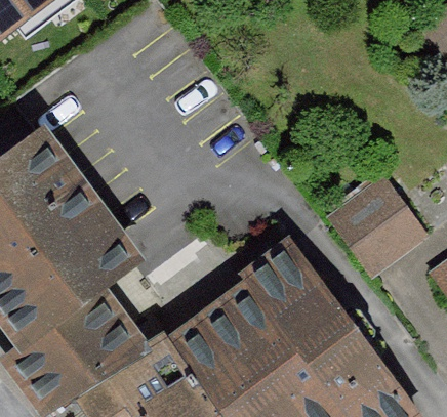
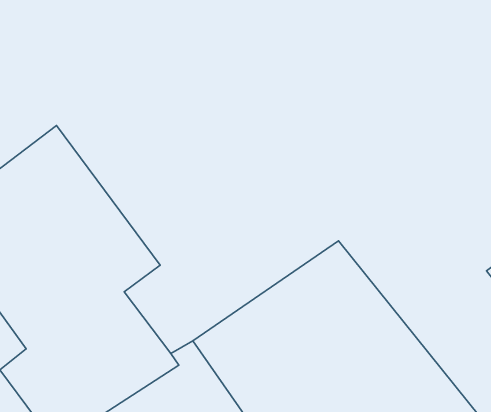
building: [329,185,425,283] -> none

